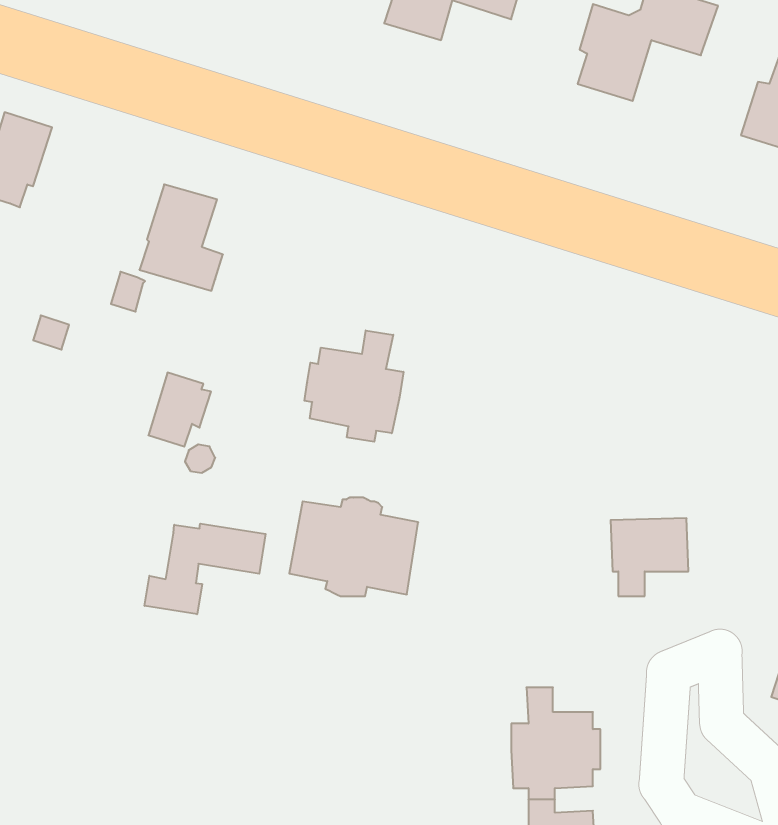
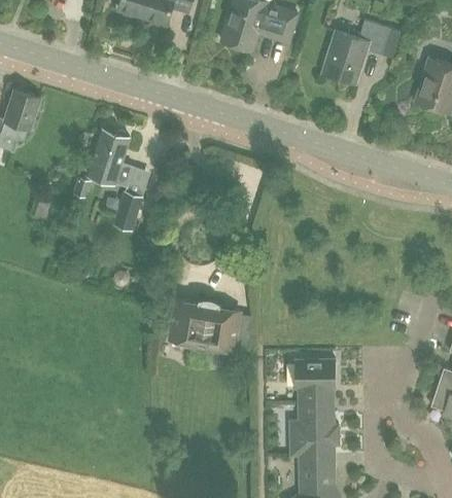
building: [304,330,403,442] -> none
building: [148,373,211,447] -> [112,189,146,229]
building: [611,518,688,596] -> [293,358,336,400]
building: [145,524,266,614] -> none

